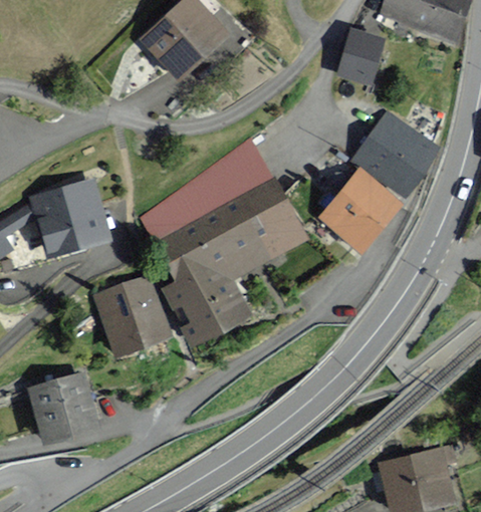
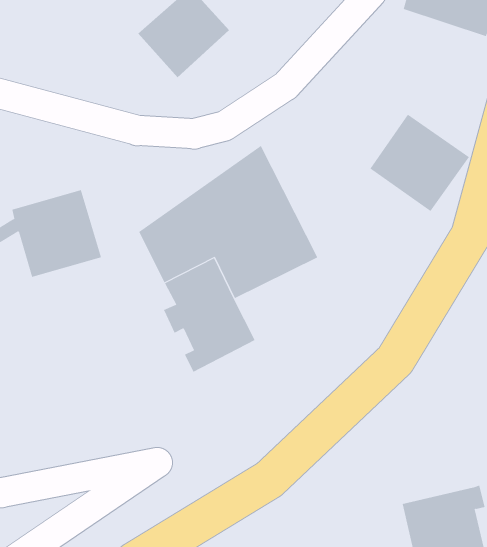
building: [335,27,385,84] -> none
building: [318,169,402,252] -> none
building: [91,275,170,357] -> none
building: [29,375,96,442] -> none

